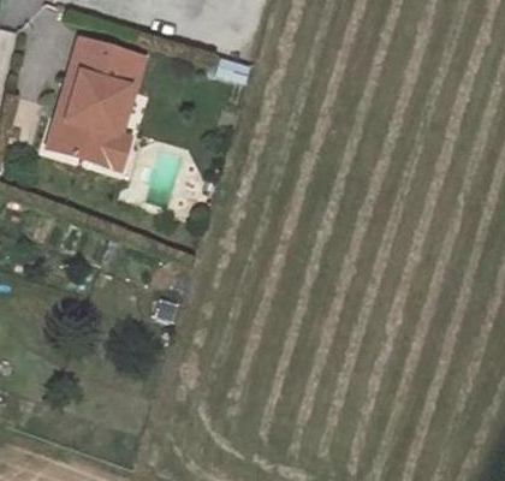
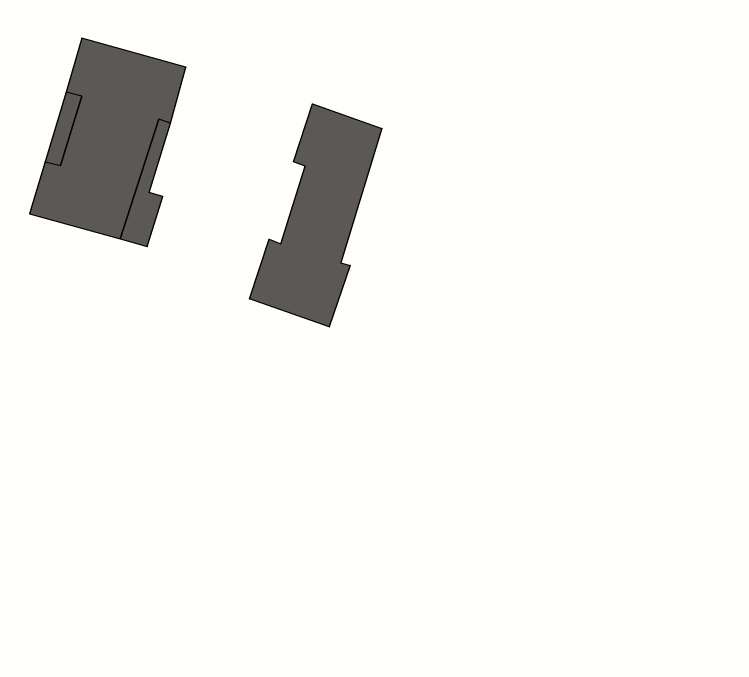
building: none -> [249,104,382,327]

